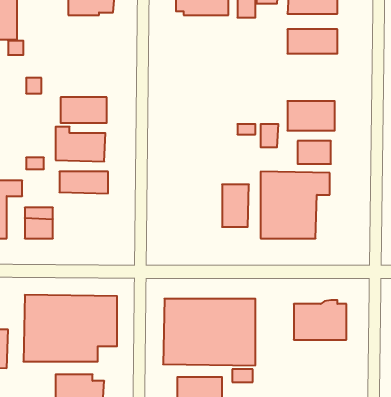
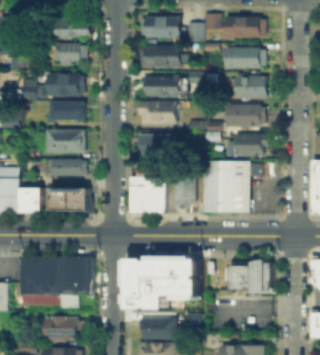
building: none -> [55,44,86,63]
building: none -> [139,46,180,67]
building: none -> [48,75,83,96]
building: none -> [236,75,266,99]
building: none -> [141,77,186,96]
building: none -> [138,102,175,125]
building: none -> [140,136,173,155]
building: none -> [129,162,167,214]
building: none -> [7,179,21,212]
building: none -> [51,189,89,211]

